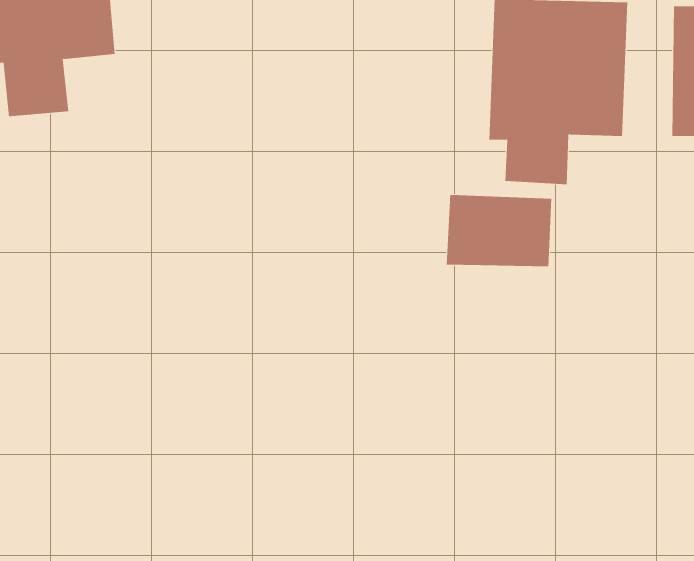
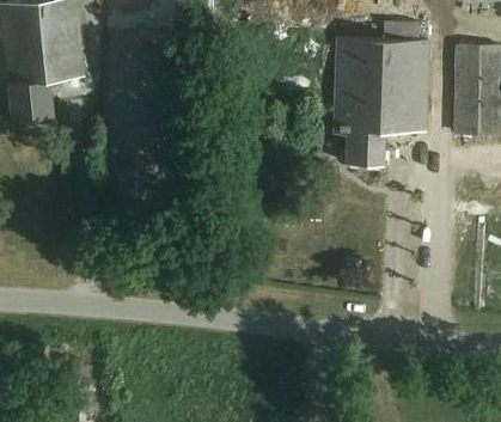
building: [446,194,552,267] -> none

